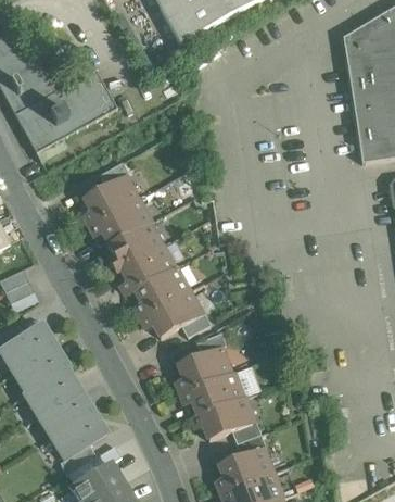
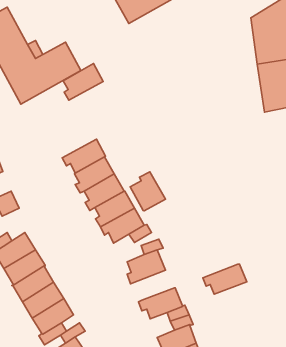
building: [84,175,137,224] -> [63,64,103,100]
building: none -> [130,172,165,211]
building: [182,374,241,414] -> [203,264,247,294]

